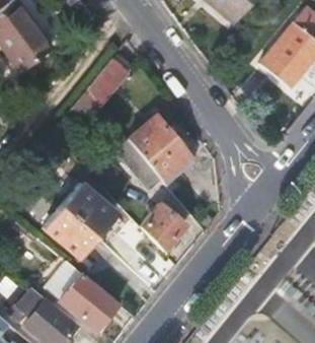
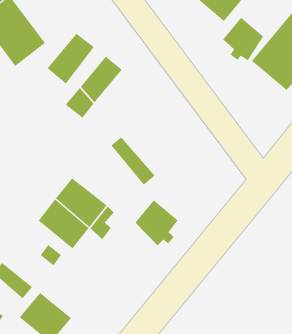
building: none -> [222,17,264,61]
building: none -> [47,33,95,84]
building: [128,118,189,181] -> none
building: [58,273,117,331] -> none

